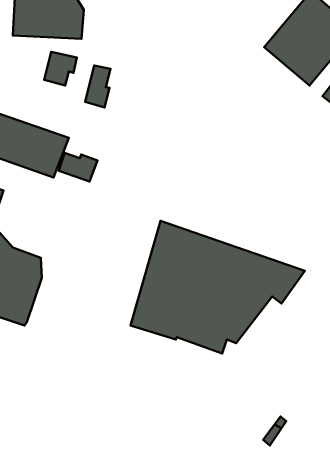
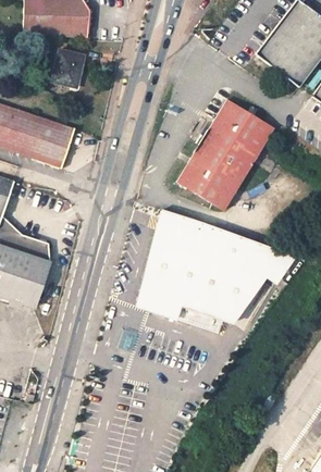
building: [85,66,110,108] -> none
building: none -> [173,96,272,210]
building: [59,153,98,182] -> none

